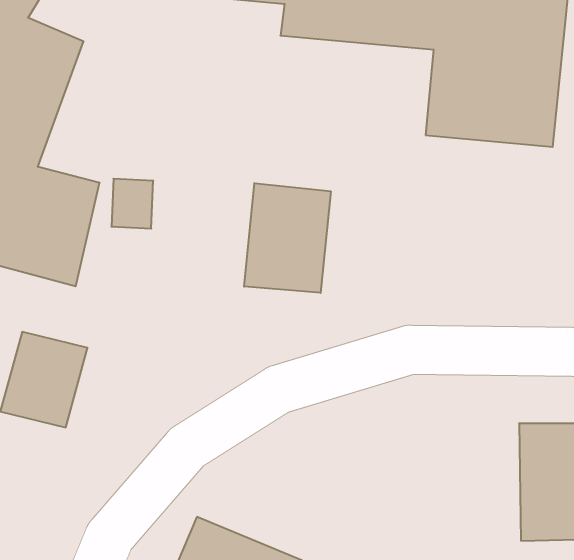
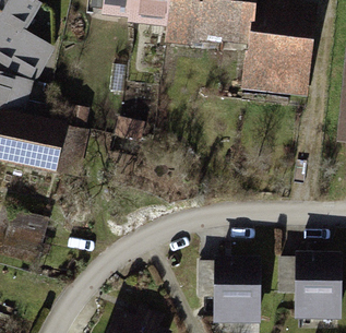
building: [244,183,331,293] -> none
building: none -> [211,257,258,322]

